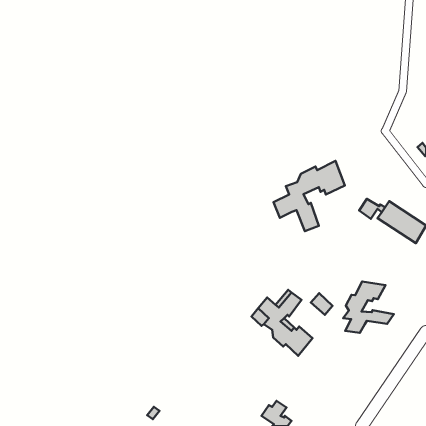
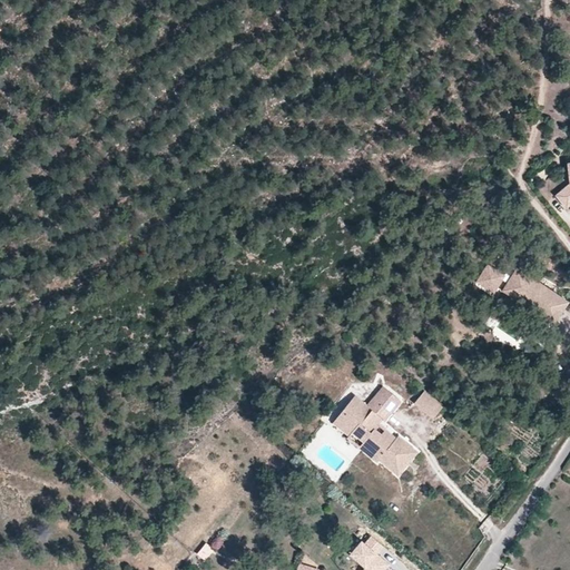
building: [274,161,345,231] -> none
building: [343,282,394,333] -> none

